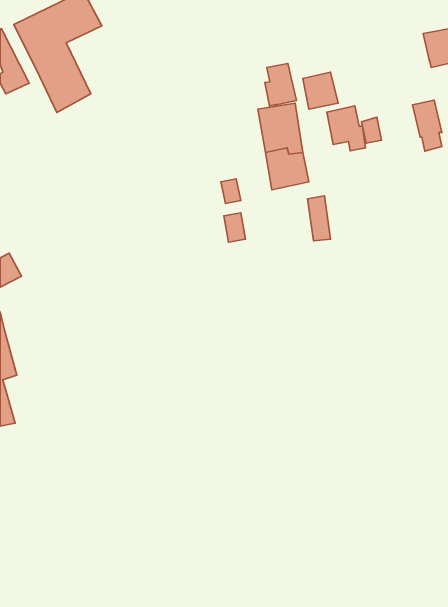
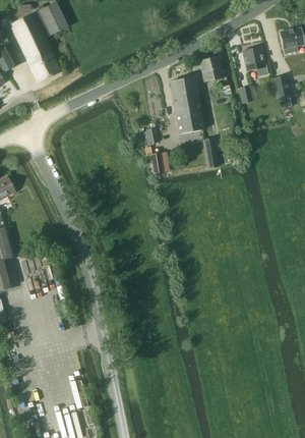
building: [265,63,297,106] -> none
building: [327,106,366,151] -> [242,46,267,75]

